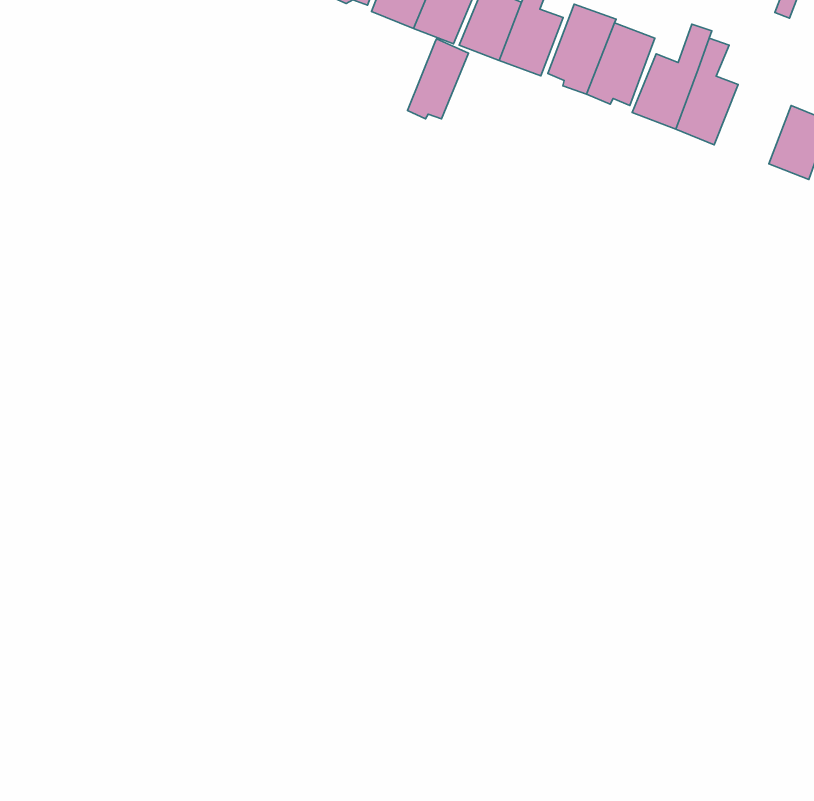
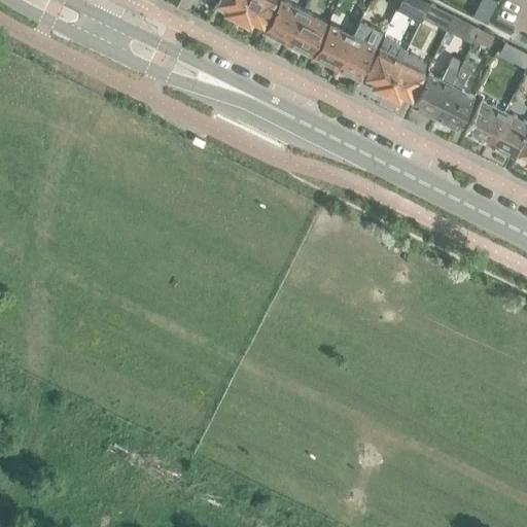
building: [408,39,469,119] -> none
building: none -> [467,101,506,145]

